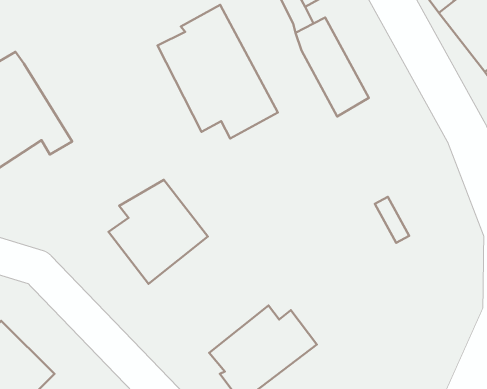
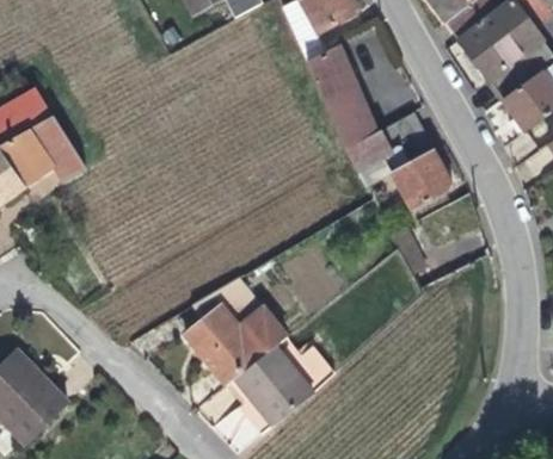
building: [158,5,278,138] -> none
building: none -> [345,112,455,211]
building: [108,180,208,284] -> [184,279,284,384]

